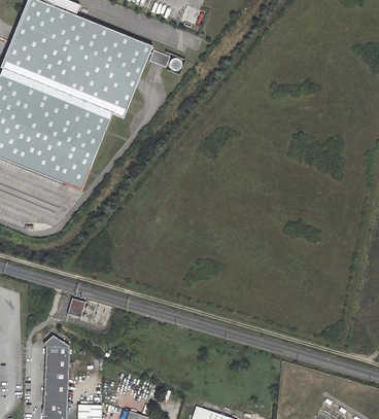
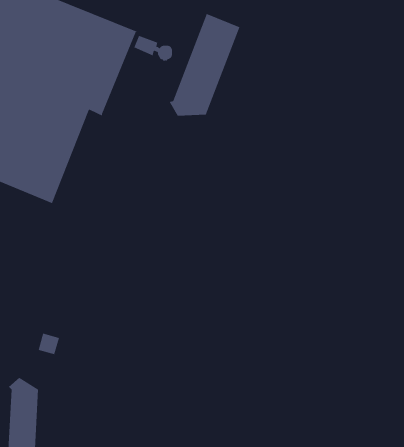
building: none -> [169,13,240,116]

